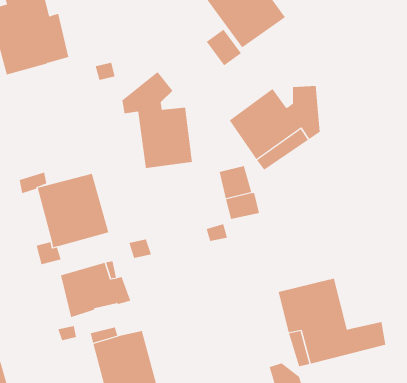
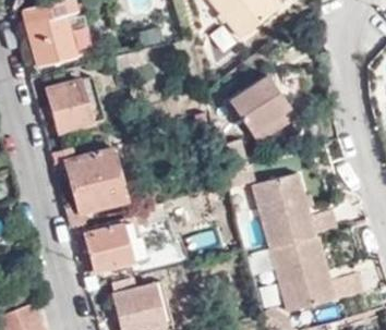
building: [122,71,192,169] -> none
building: none -> [47,77,95,130]
building: none -> [254,172,338,247]

